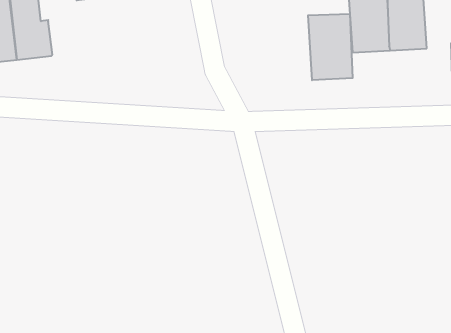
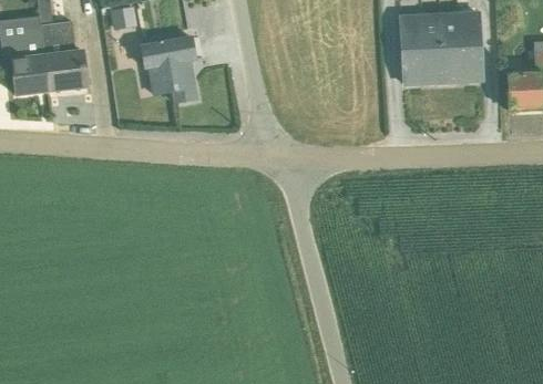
building: none -> [140,37,196,102]
building: [308,14,353,80] -> none

